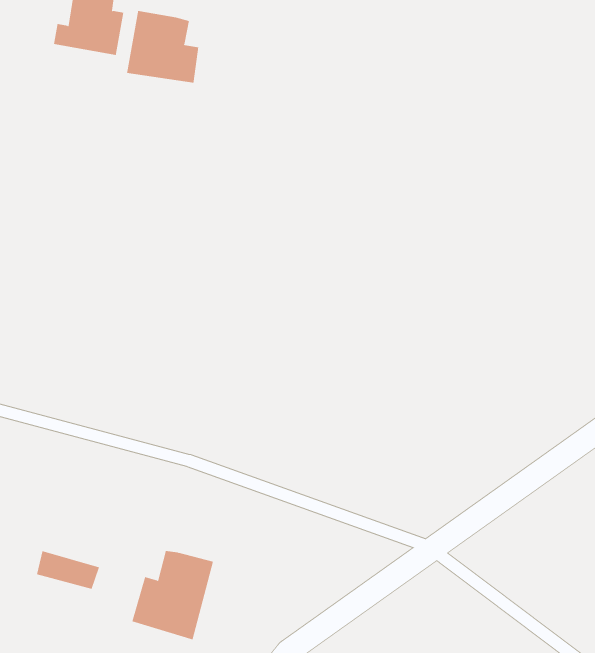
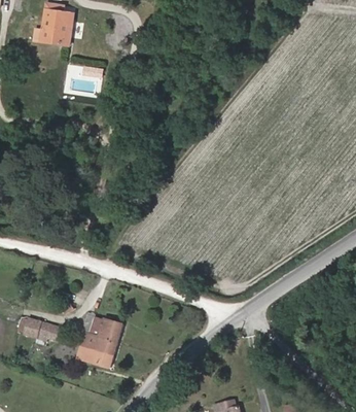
building: [127,10,199,84] -> none

